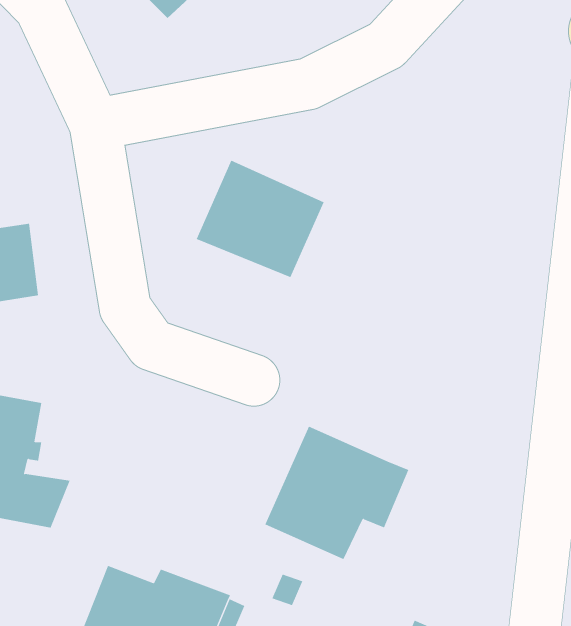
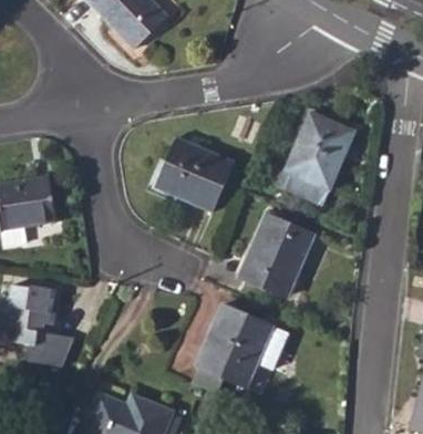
building: none -> [270,112,354,204]
building: none -> [238,214,314,298]

